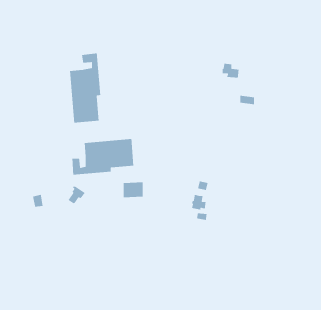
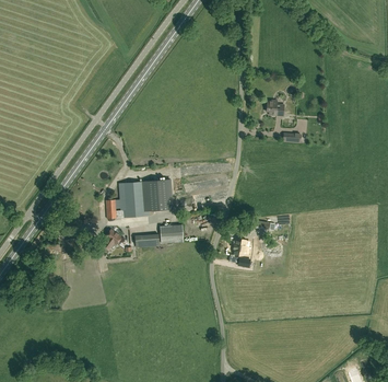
building: [69,53,101,124] -> none

